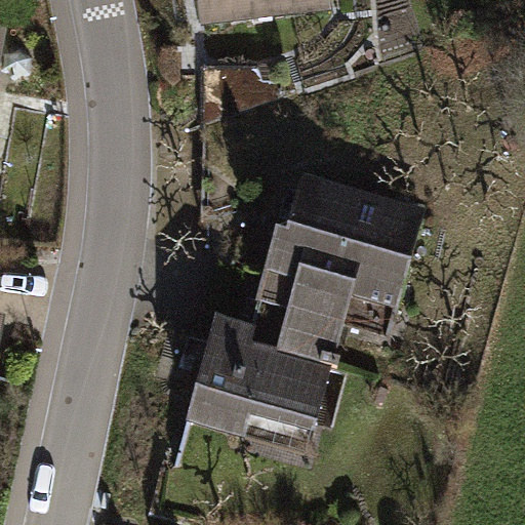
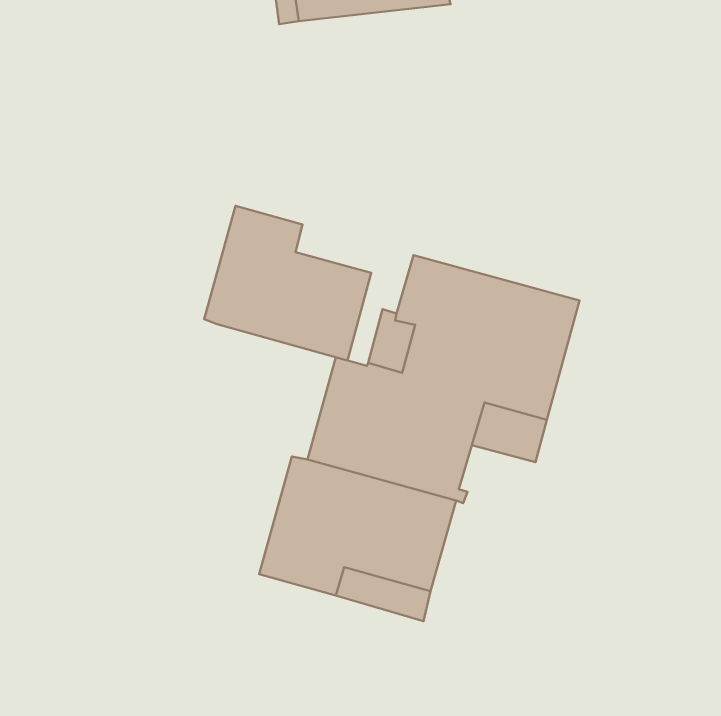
building: none -> [204,206,371,360]

